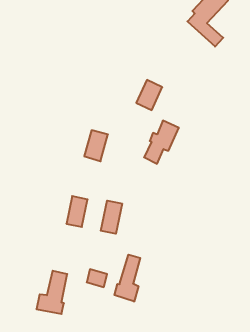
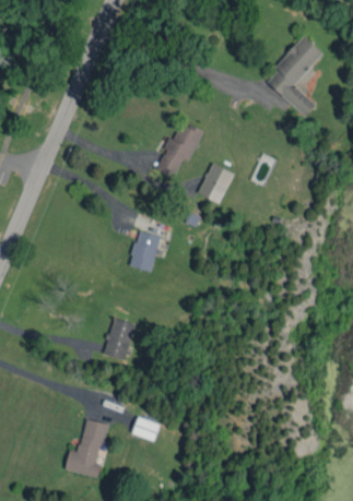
building: [144,121,179,164] -> [156,121,203,179]
building: [101,201,122,234] -> none
building: [114,255,140,302] -> none

